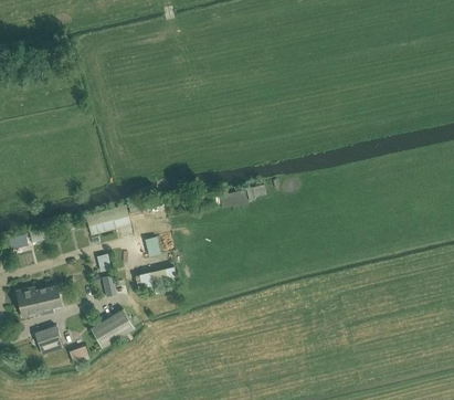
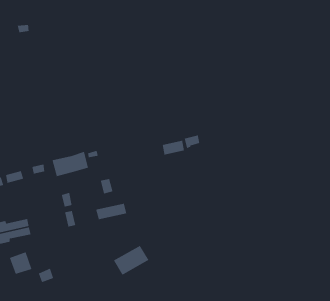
building: [89,309,134,347] -> [113,245,149,276]

